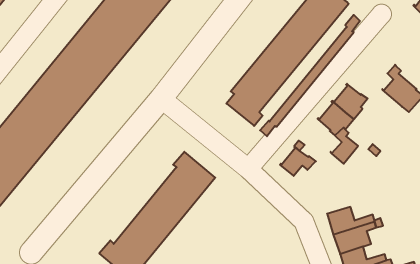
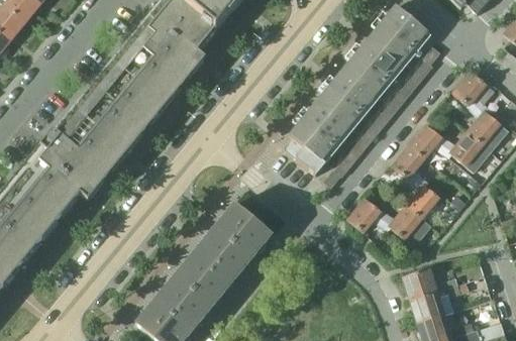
building: none -> [452,70,494,111]
building: none -> [442,130,491,170]
building: none -> [380,204,431,245]

